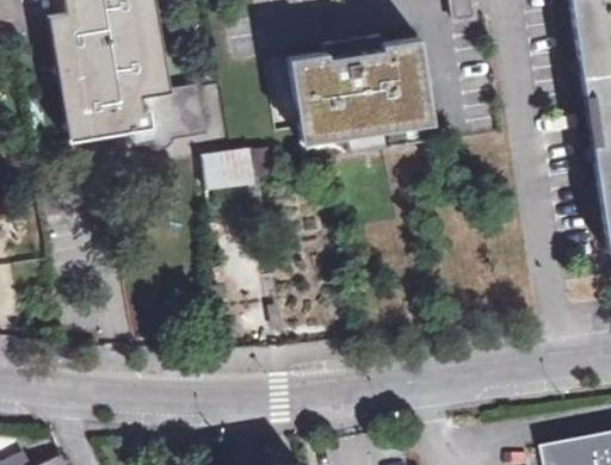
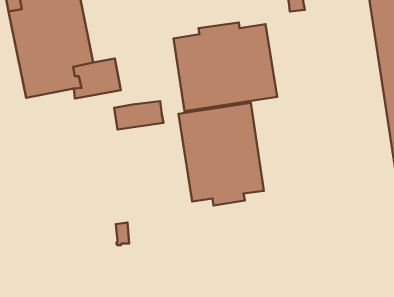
building: none -> [179,103,264,206]

